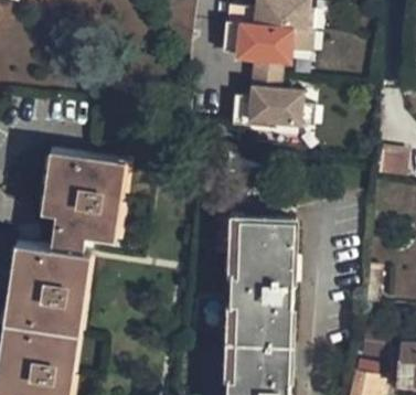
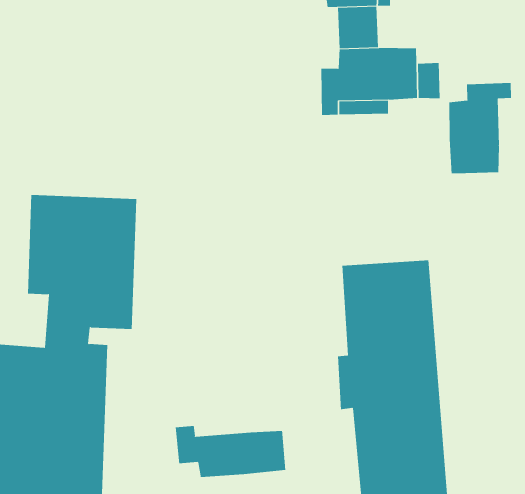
building: none -> [449,82,511,174]
building: none -> [175,425,286,478]

